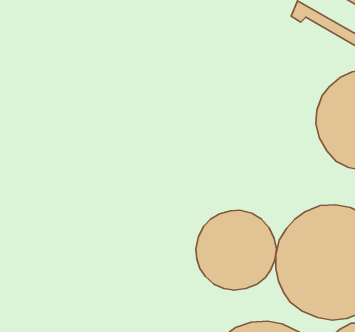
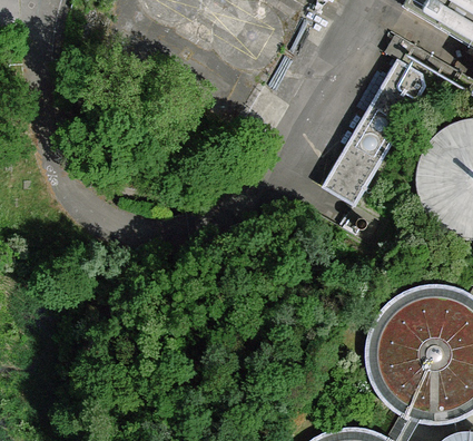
building: none -> [322,59,427,207]
building: [196,210,277,290] -> none

